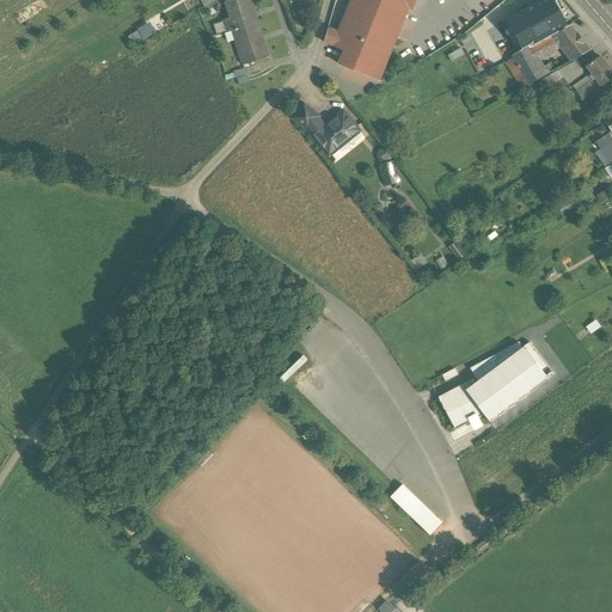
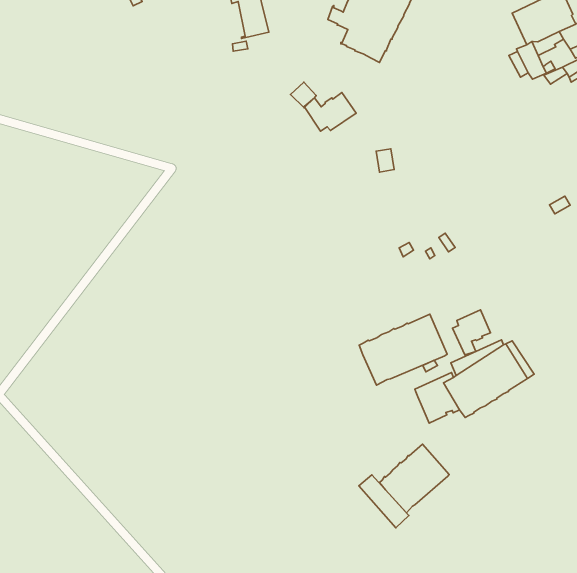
building: none -> [453,310,491,355]
building: none -> [359,314,447,385]
building: none -> [380,444,449,513]

